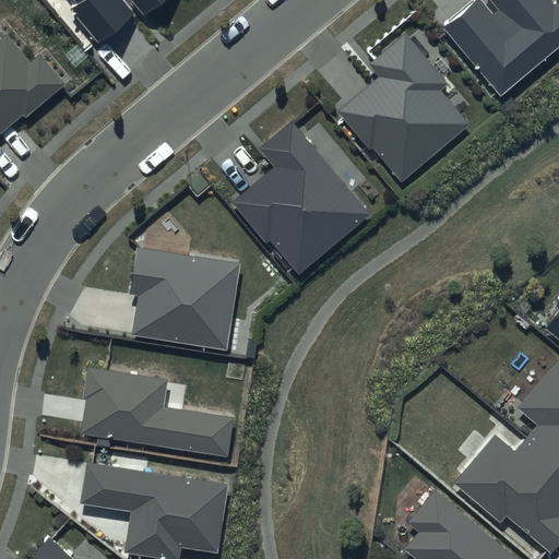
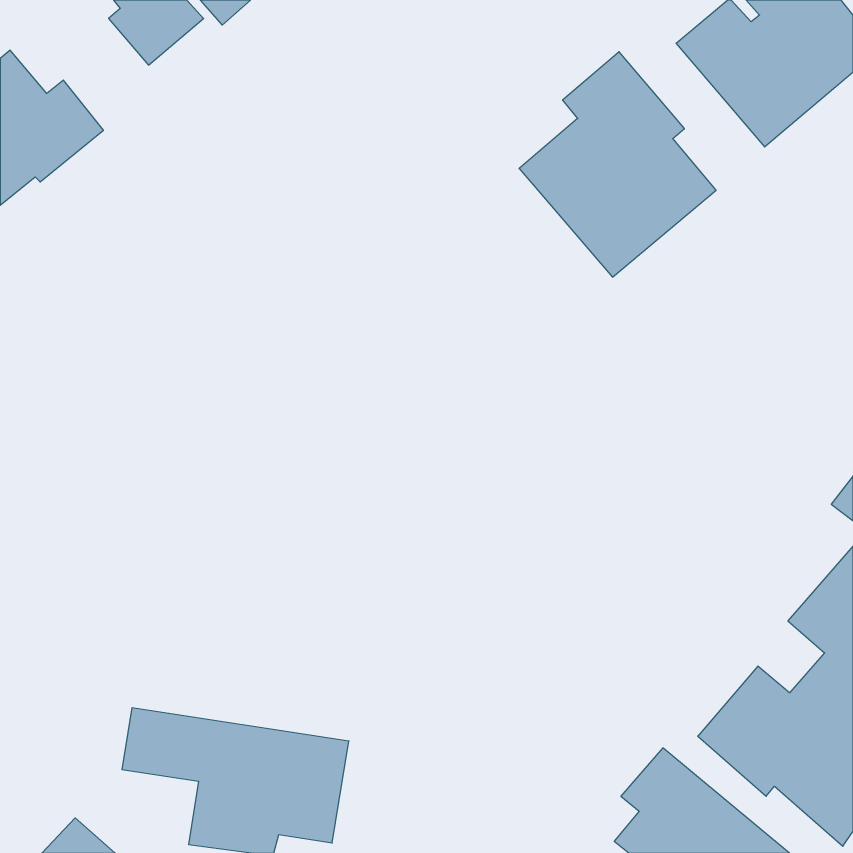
building: [236,120,370,275] -> none
building: [128,247,240,348] -> none
building: [81,367,234,455] -> none

